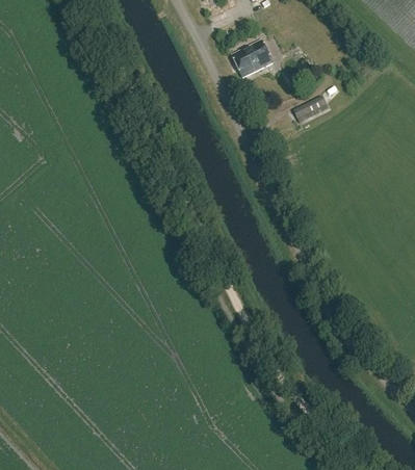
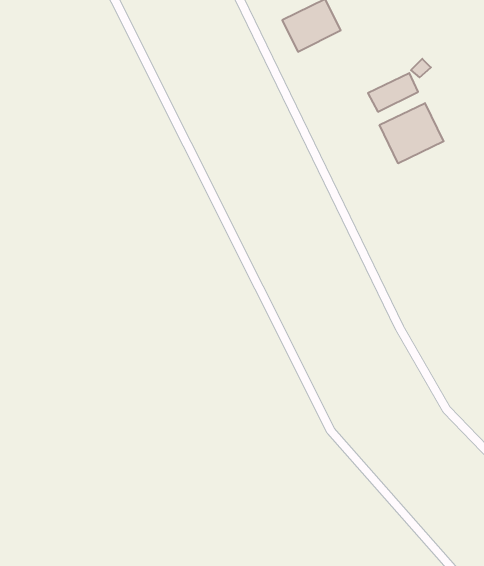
building: none -> [380,103,444,163]

